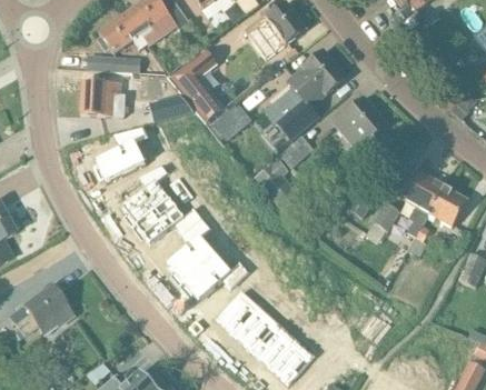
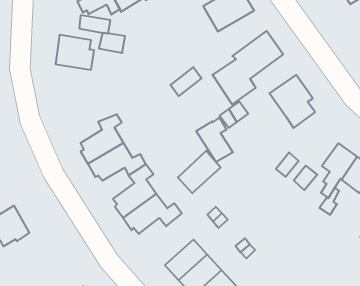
building: [172,50,224,120] -> none
building: [93,127,147,182] -> none
building: [215,284,264,336] -> [178,151,221,193]

